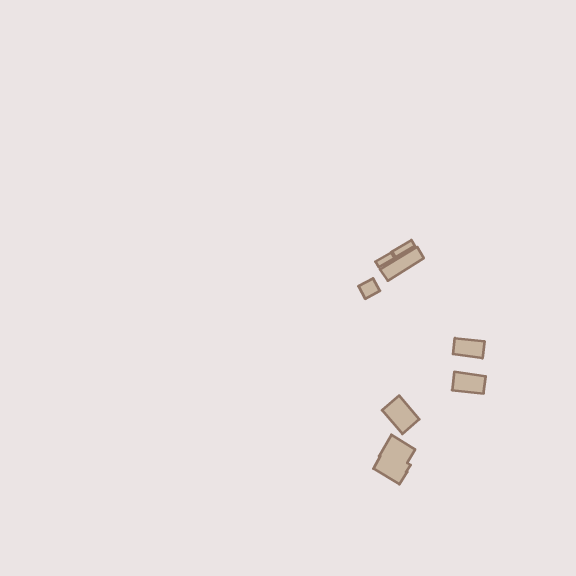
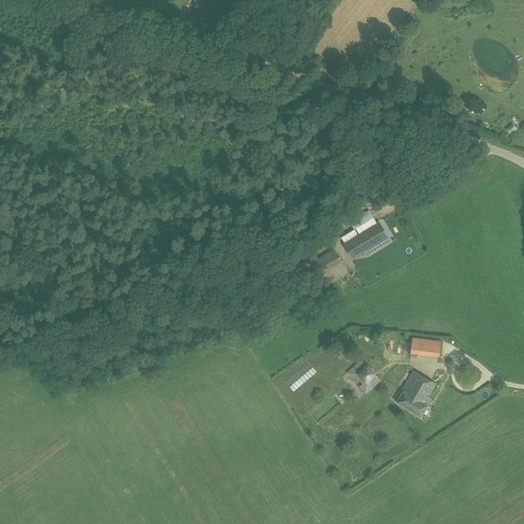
building: [453,338,484,358] -> none
building: [373,435,415,484] -> [397,372,435,417]

